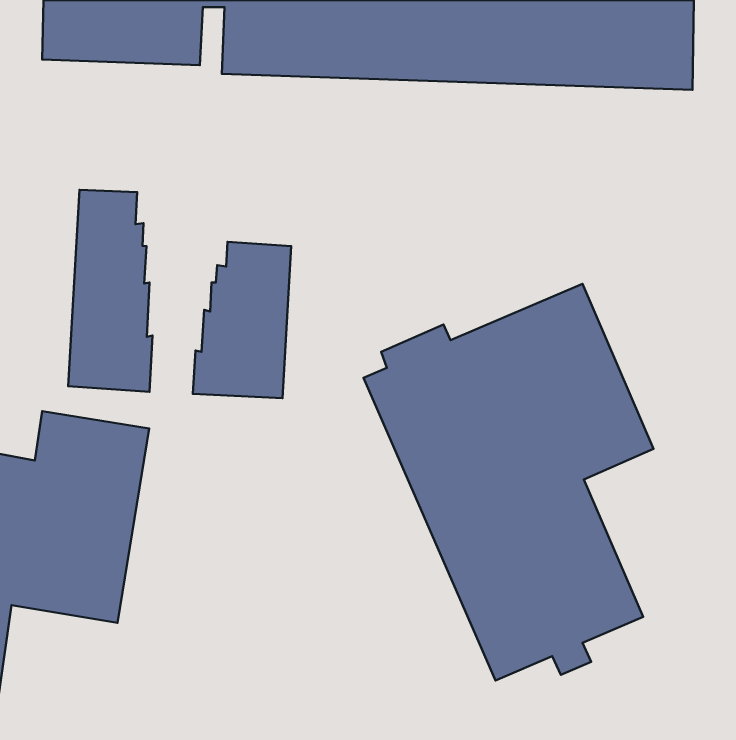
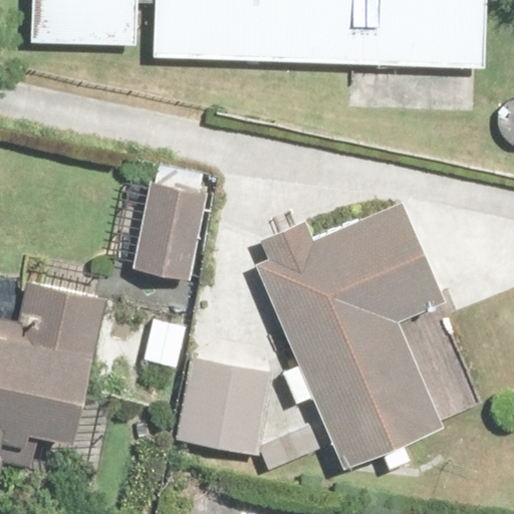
building: [68,190,152,392] -> none
building: none -> [182,364,316,470]

